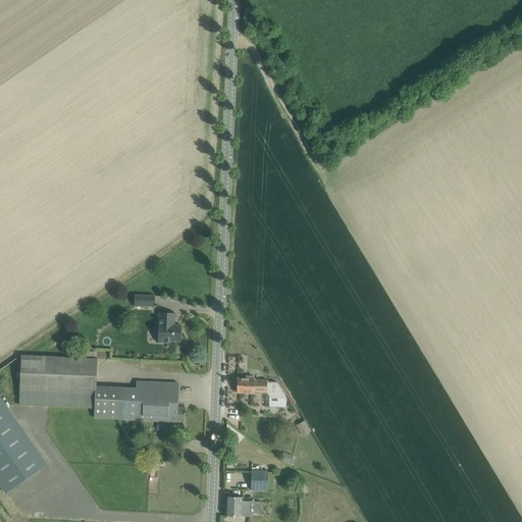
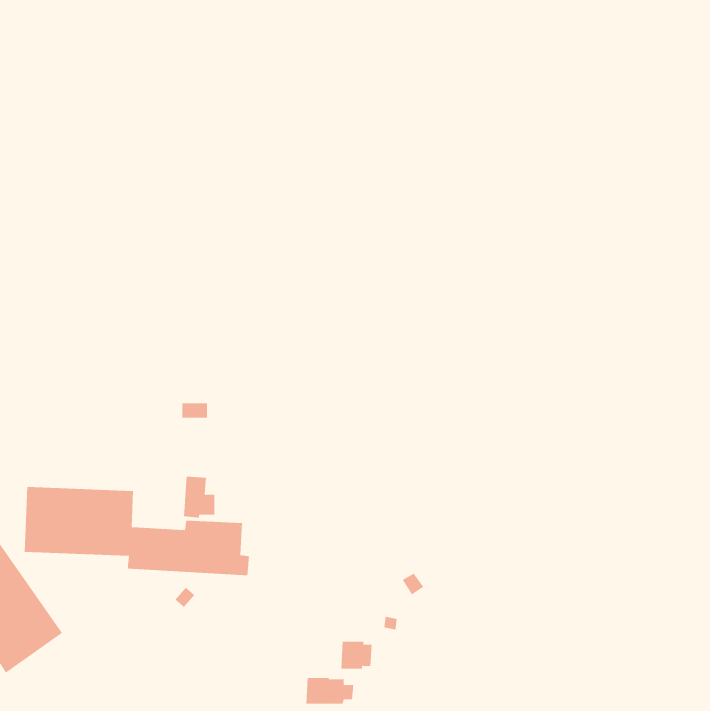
building: [156,311,179,342] -> [183,476,215,518]
building: [236,375,284,397] -> none

